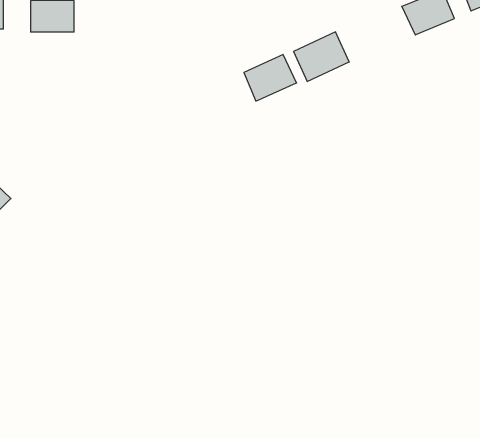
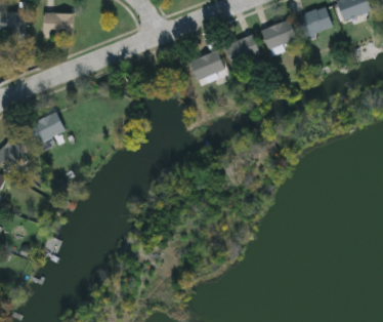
building: none -> [261,19,297,50]
building: none -> [31,112,66,150]

